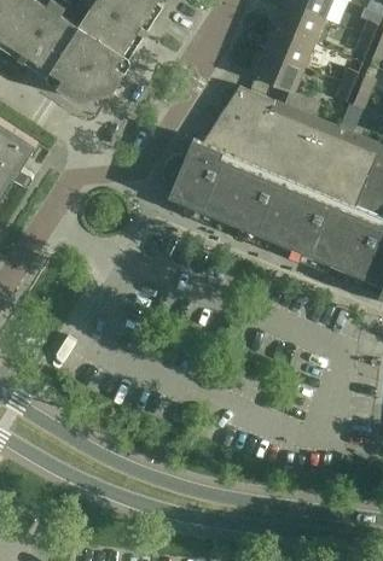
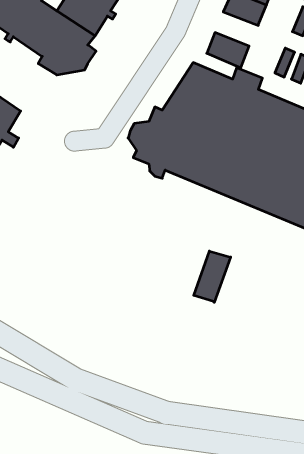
building: [263,28,314,68] -> none
building: none -> [194,251,231,302]

